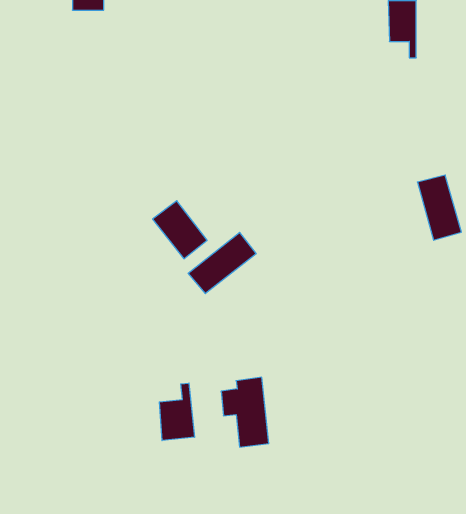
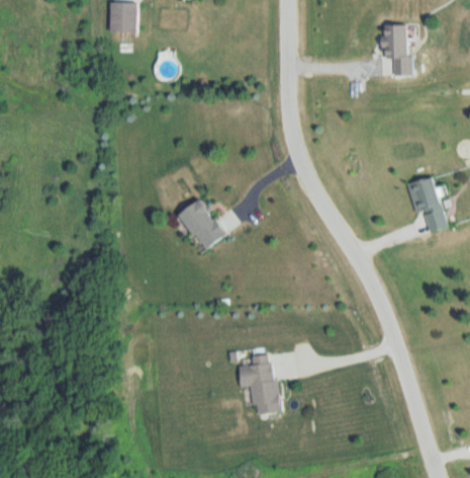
building: [188,232,256,294] -> none
building: [159,383,195,441] -> none

